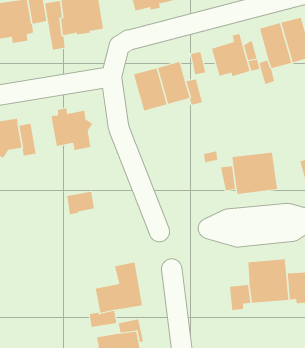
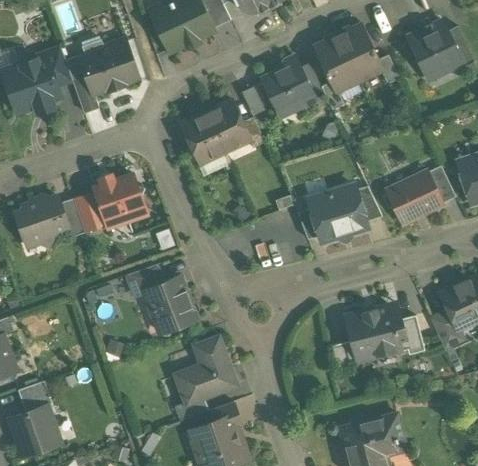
building: none -> [73,191,106,233]
building: none -> [355,186,382,222]
building: none -> [144,278,195,330]

